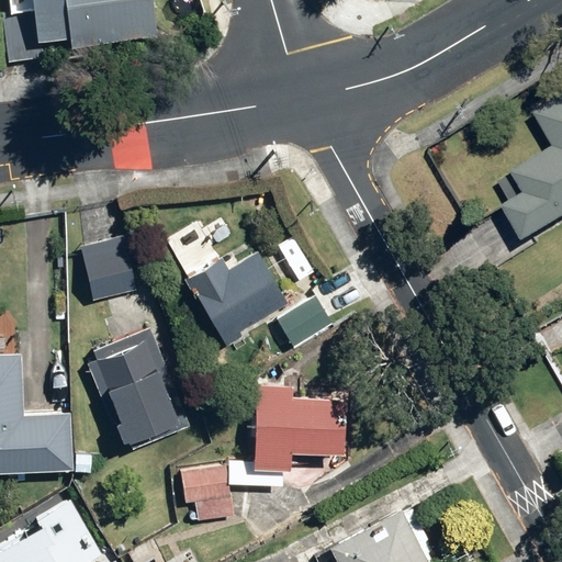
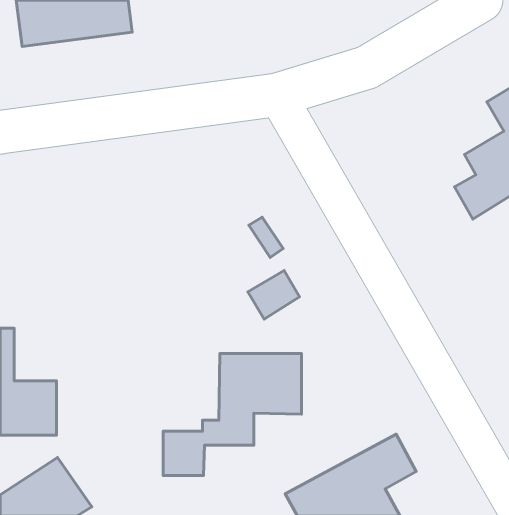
building: [81,240,130,299] -> none
building: [190,246,286,345] -> none
building: [78,327,190,445] -> none

